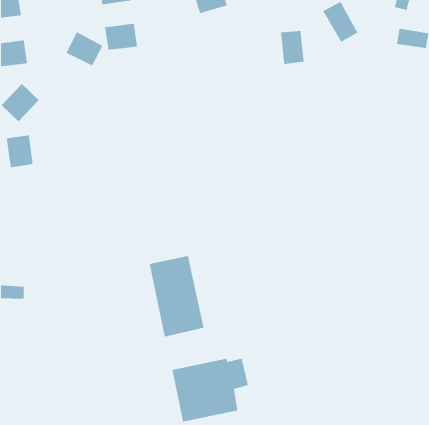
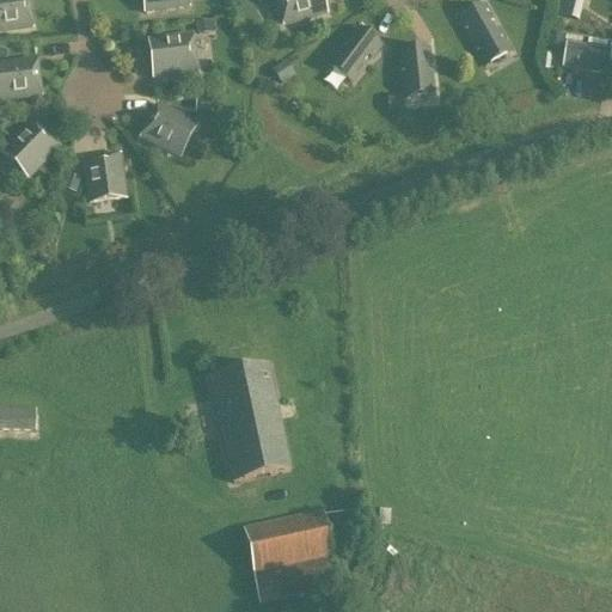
building: none -> [329,23,381,78]
building: [66,31,103,67] -> [142,102,196,152]
building: [6,134,34,168] -> [85,152,124,200]

